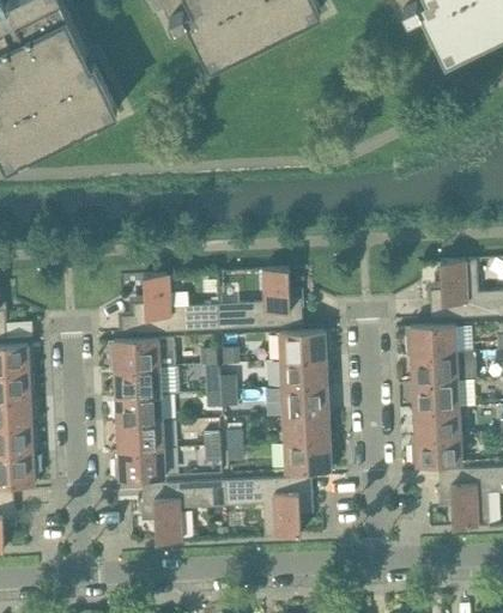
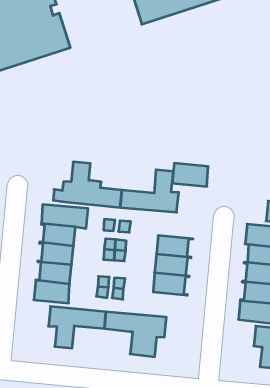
building: [278,330,329,362] -> [172,163,208,186]
building: [284,441,334,471] -> none

